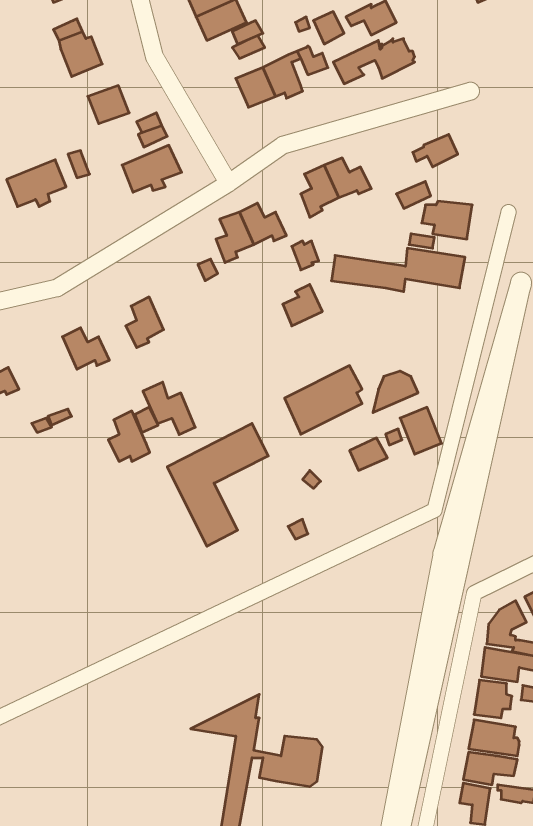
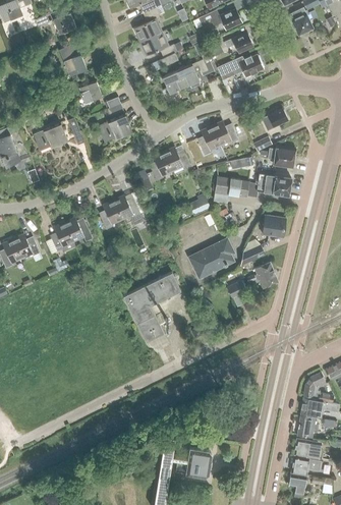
building: none -> [262,216,285,237]
building: [143,382,195,435] -> [113,195,143,225]
building: [108,411,150,461] -> [51,223,74,251]

